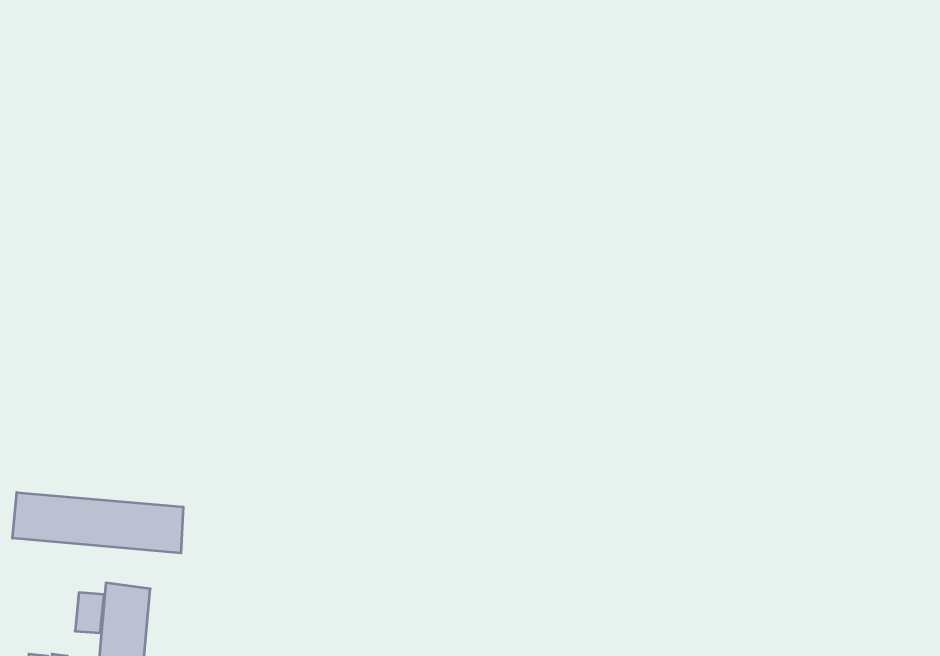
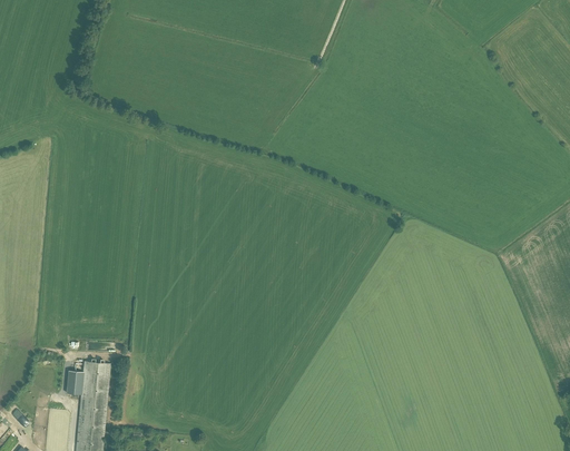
building: [13,492,183,553] -> none

